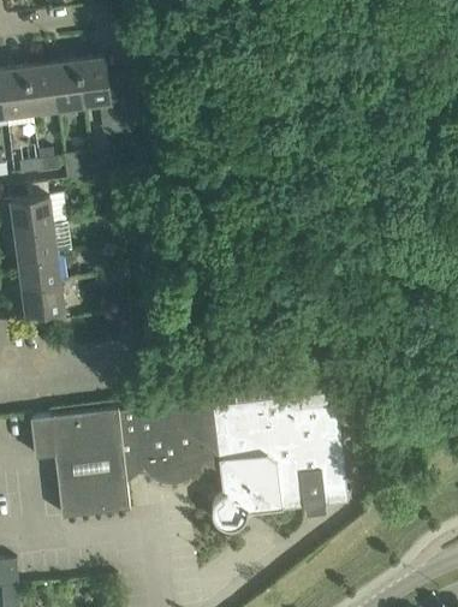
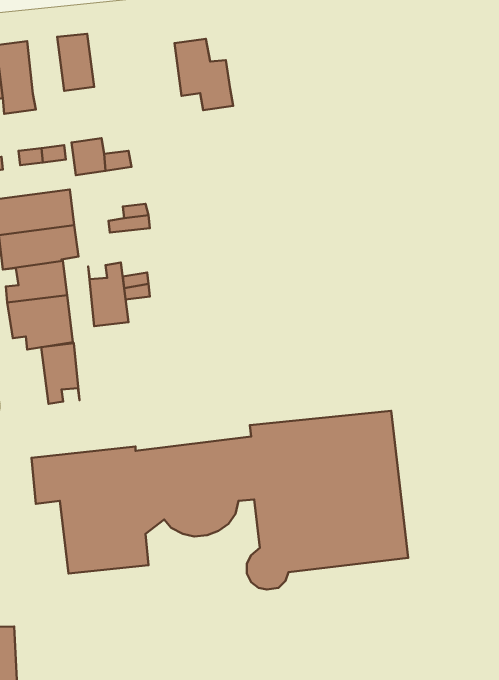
building: [77,58,126,118] -> [174,39,233,110]
building: [26,64,58,112] -> none
building: none -> [88,263,129,326]
building: none -> [41,343,80,404]

